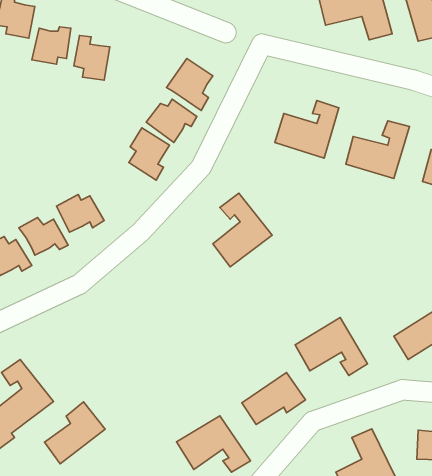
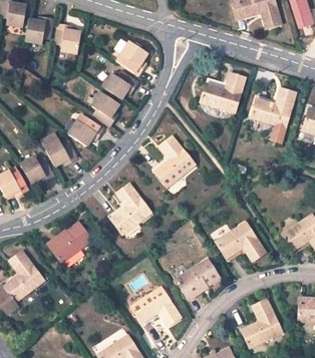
building: none -> [74,116,109,144]
building: none -> [110,183,151,234]
building: [44,402,105,464] -> [52,219,94,262]

